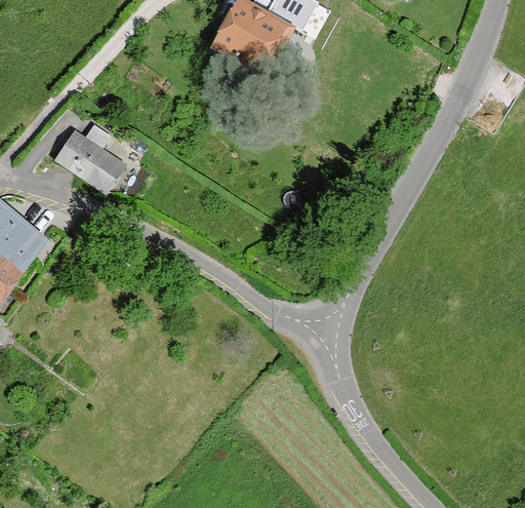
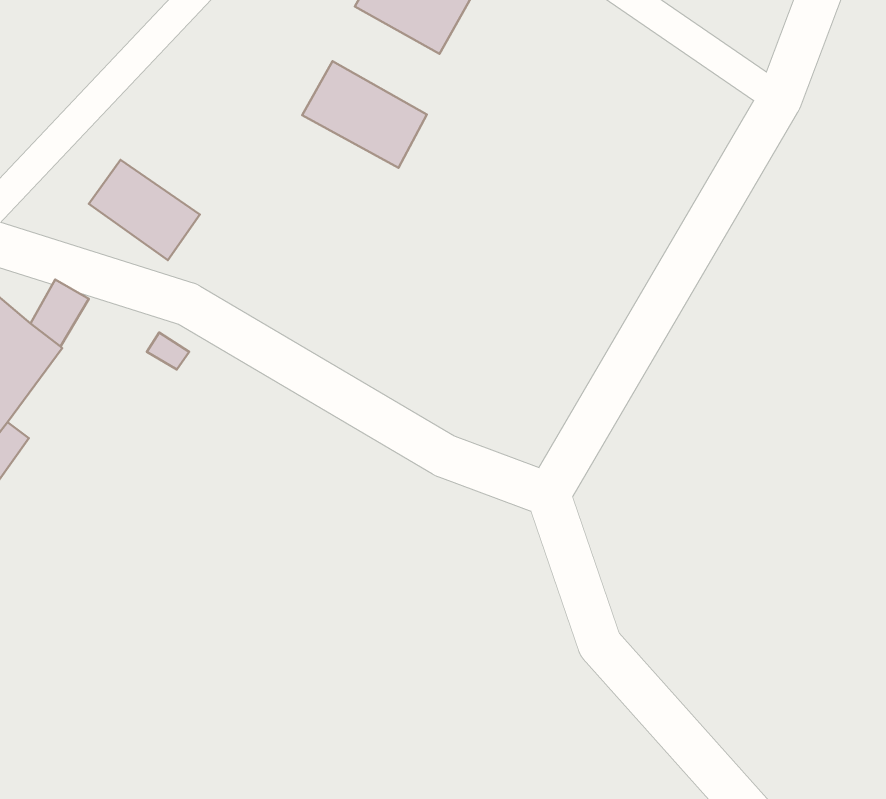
building: none -> [302,61,427,168]

